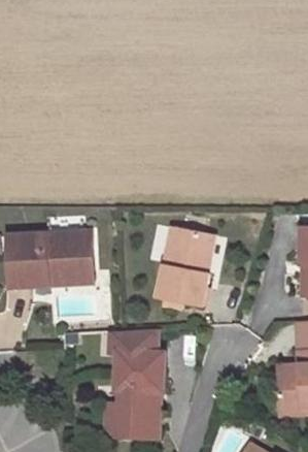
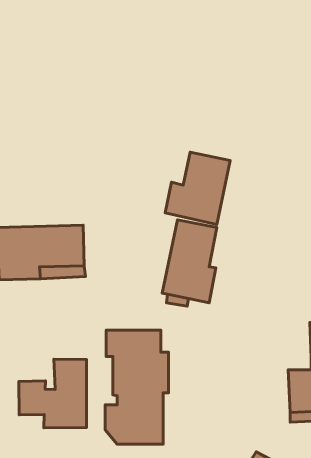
building: none -> [165,152,230,224]
building: none -> [19,359,87,428]

